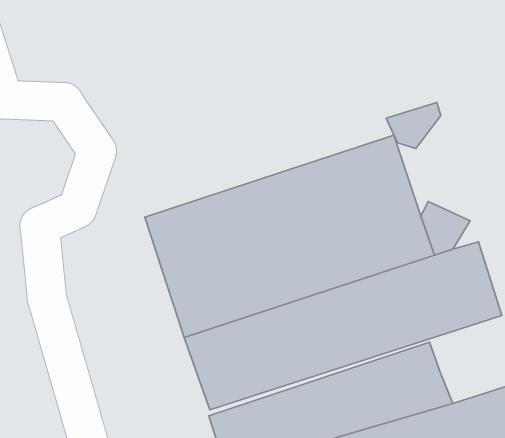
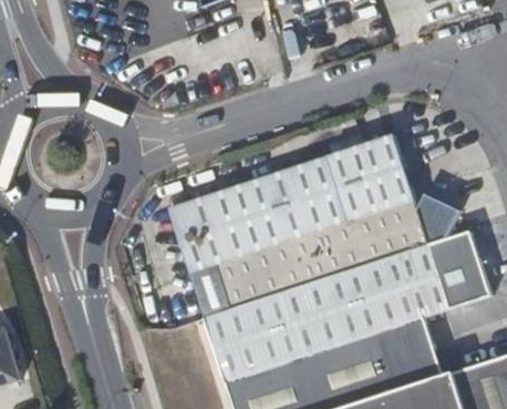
building: [386,103,441,149] -> none

